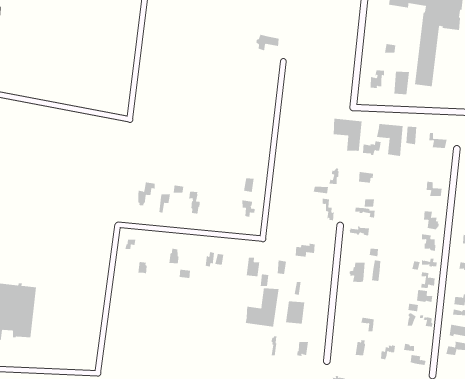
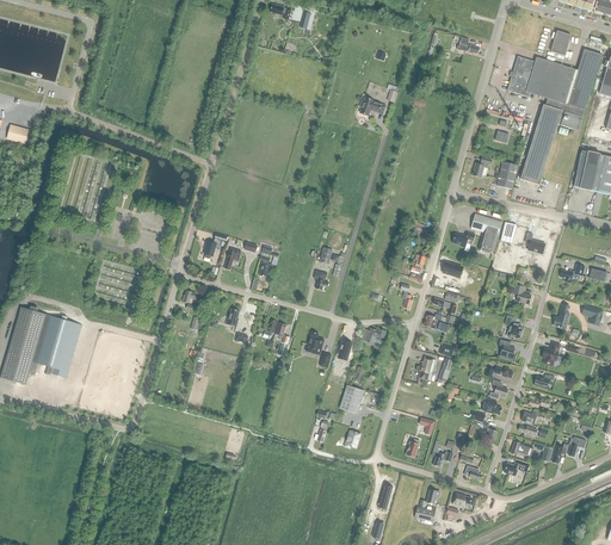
building: [333,118,362,152] -> none
building: [245,287,279,327] -> none

